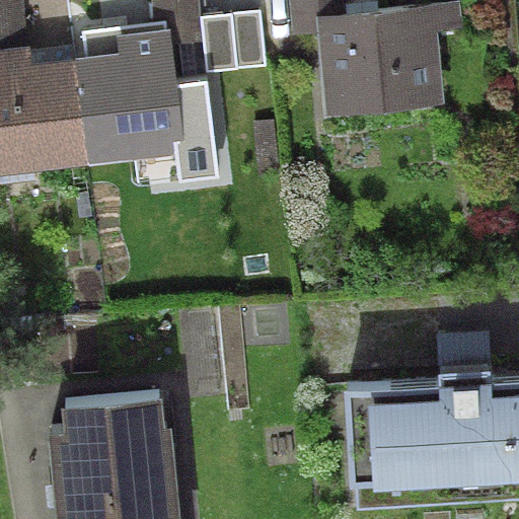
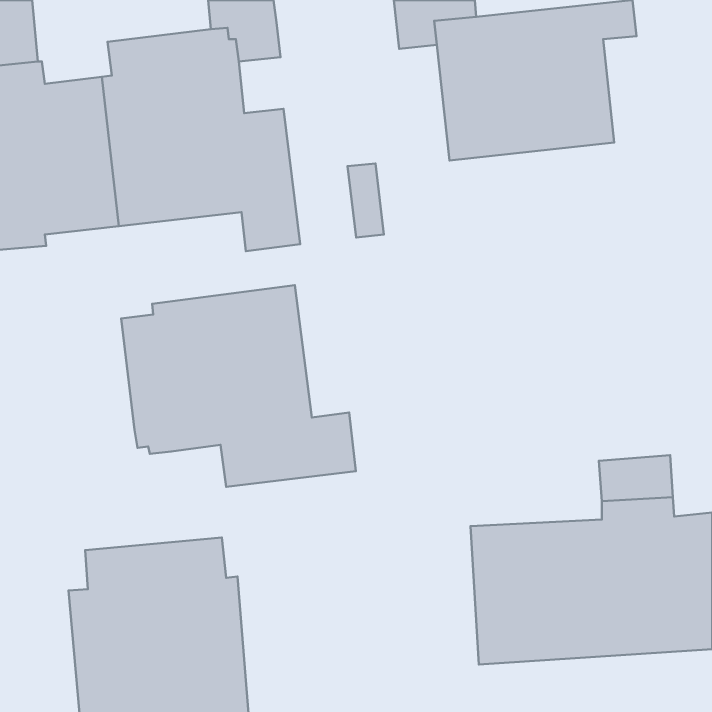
building: [201,10,266,73] -> none
building: none -> [121,285,356,487]

